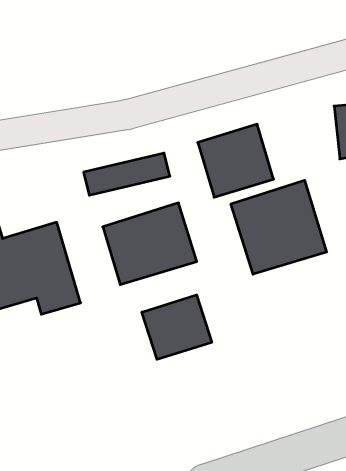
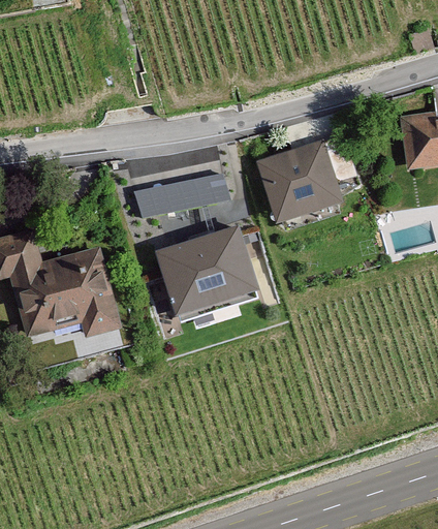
building: [231,180,327,274] -> none
building: [142,295,212,359] -> none

